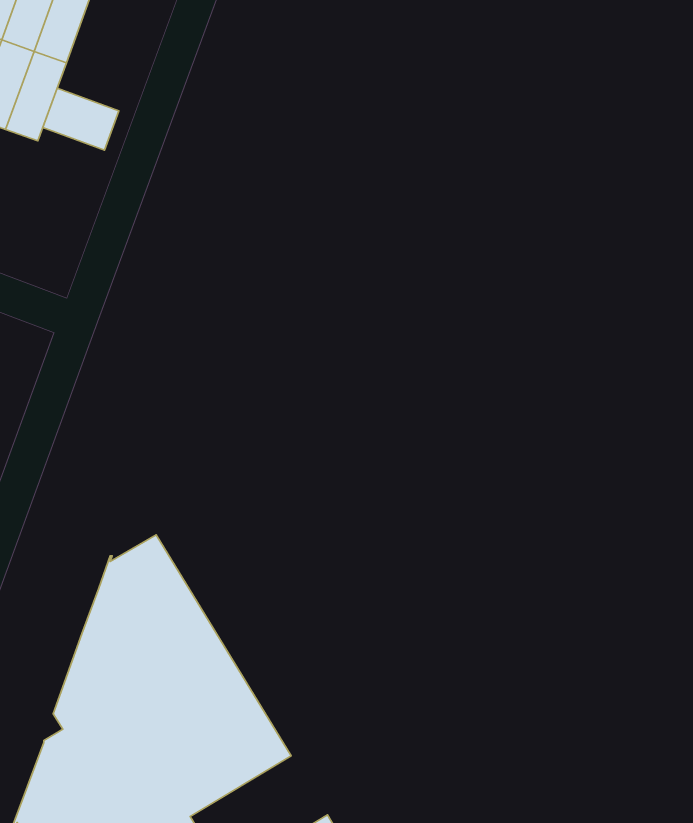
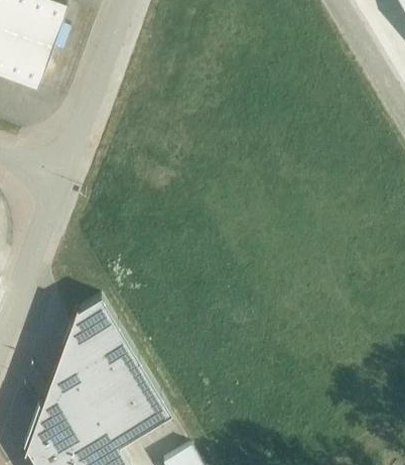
building: [43,88,119,150] -> none

